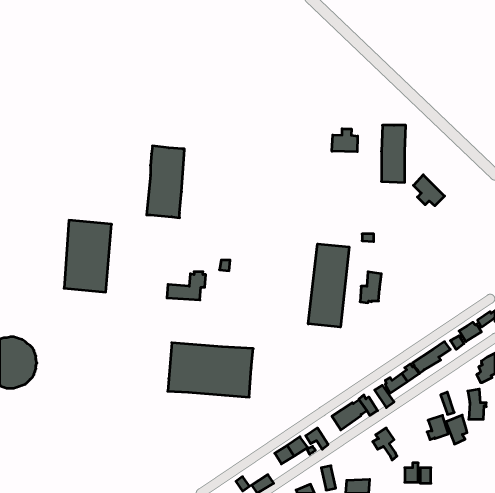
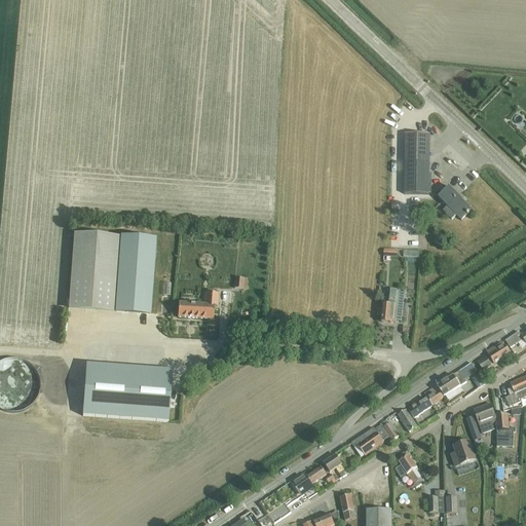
building: [332,129,358,152] -> none
building: [147,146,184,218] -> [114,235,154,311]
building: [308,244,349,327] -> none
building: [168,343,253,397] -> [81,363,172,420]
building: [446,415,467,444] -> [474,402,496,433]

